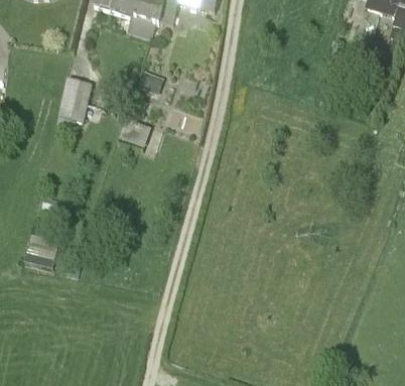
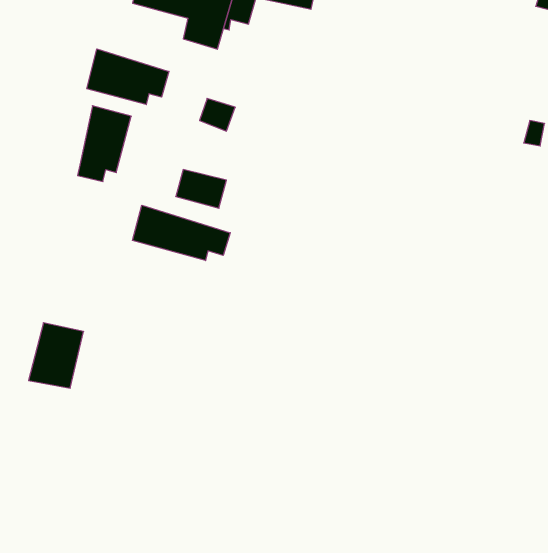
building: none -> [87,49,169,105]
building: none -> [133,205,230,261]

